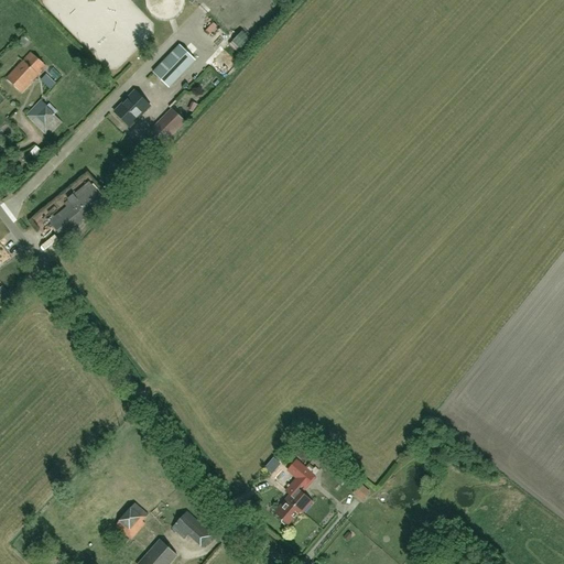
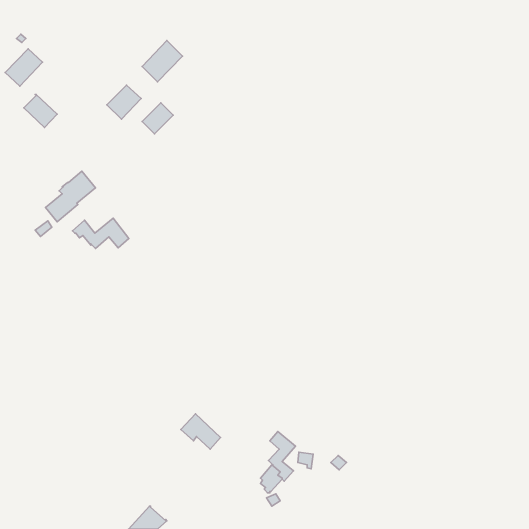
building: none -> [72,218,129,249]
building: [115,501,148,539] -> none
building: [171,509,213,546] -> [181,414,220,449]

